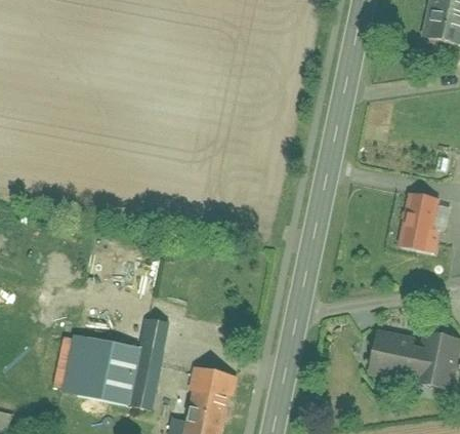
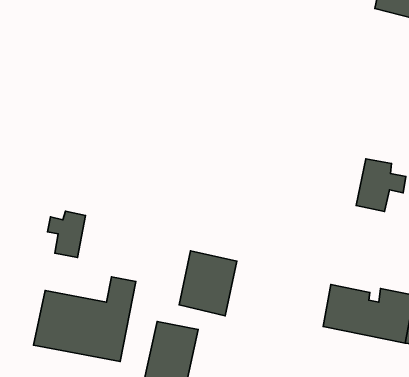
building: none -> [47,211,86,258]
building: none -> [179,251,237,316]

